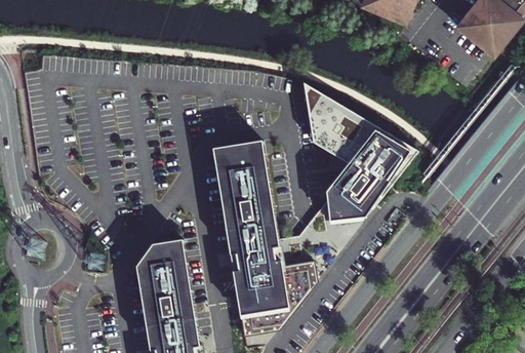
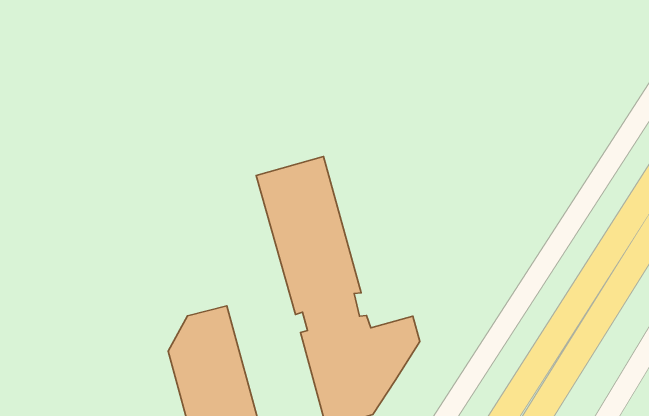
building: [302,83,416,223] -> none

